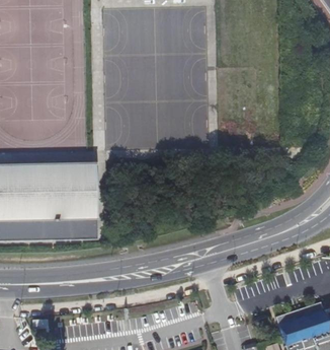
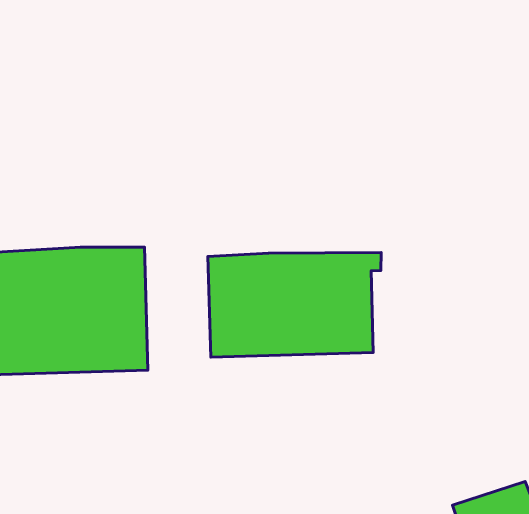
building: none -> [208,252,381,357]

